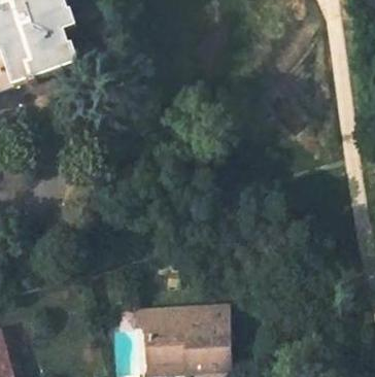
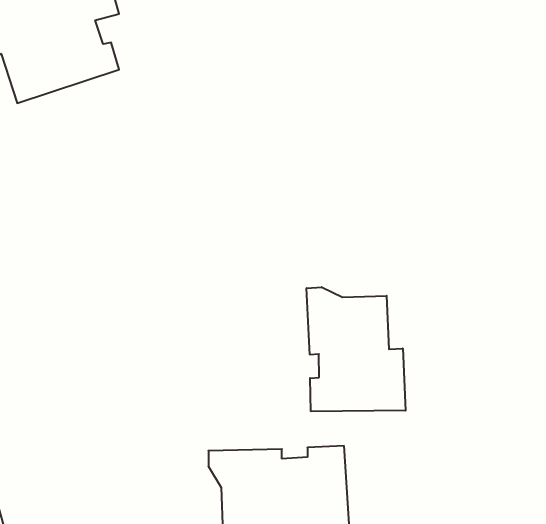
building: none -> [307,287,406,411]

